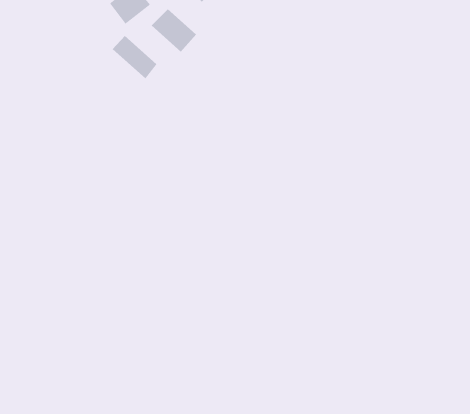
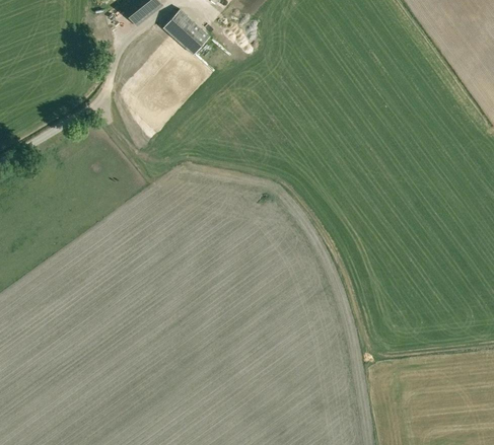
building: [112,35,157,79] -> none

